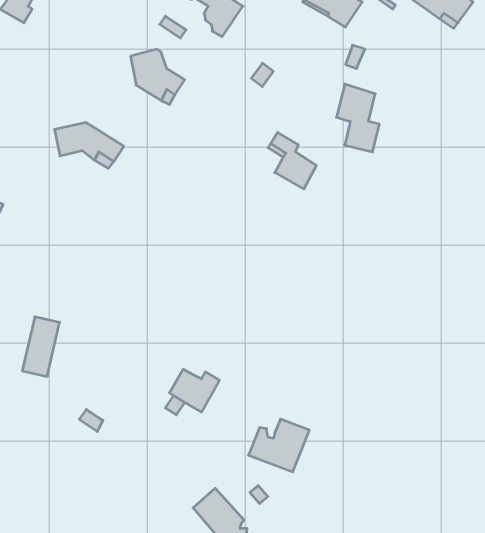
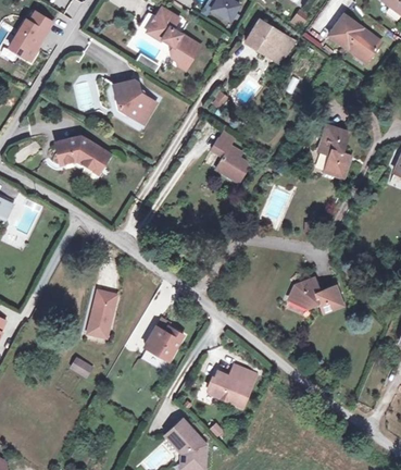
building: [336,84,379,152] -> [319,126,353,180]
building: none -> [288,277,342,312]
building: [22,317,60,376] -> [89,294,118,341]

